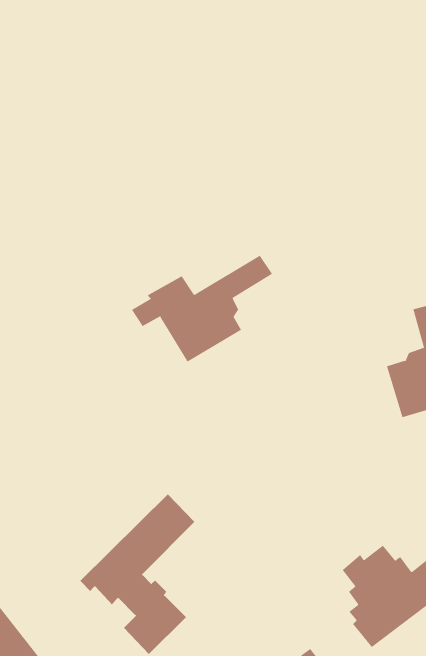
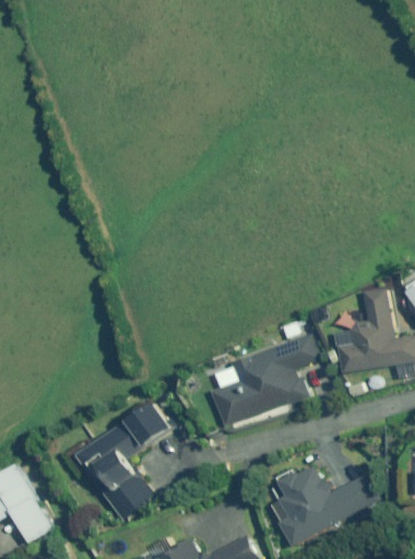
building: [131,255,273,362] -> none
building: none -> [215,335,319,427]

